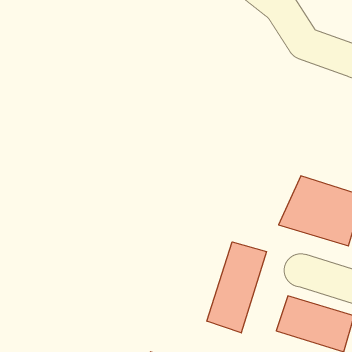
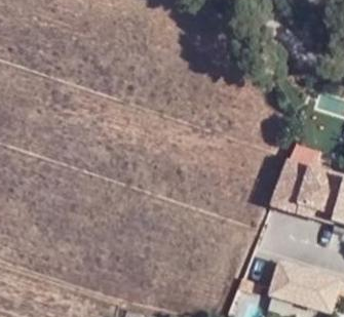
building: [207,242,266,333] -> none

